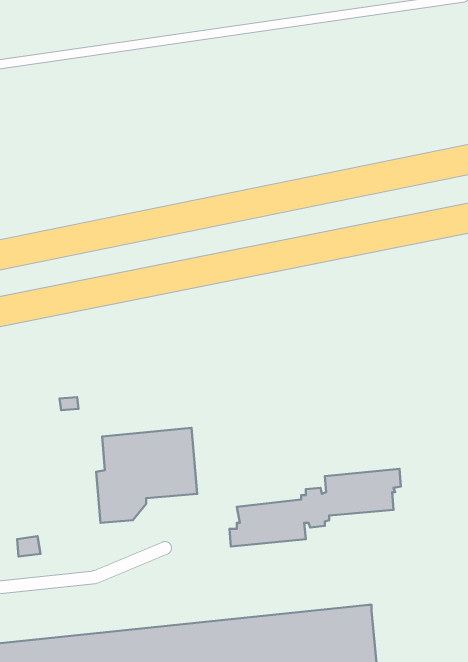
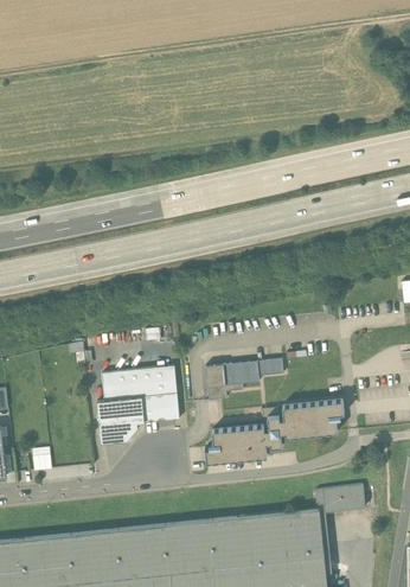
building: none -> [205,357,283,398]
building: none -> [314,485,365,513]

